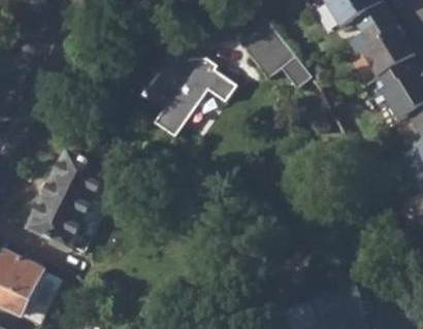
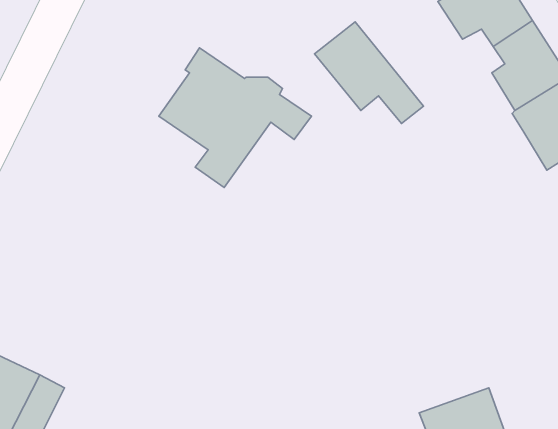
building: [24,147,119,252] -> none

